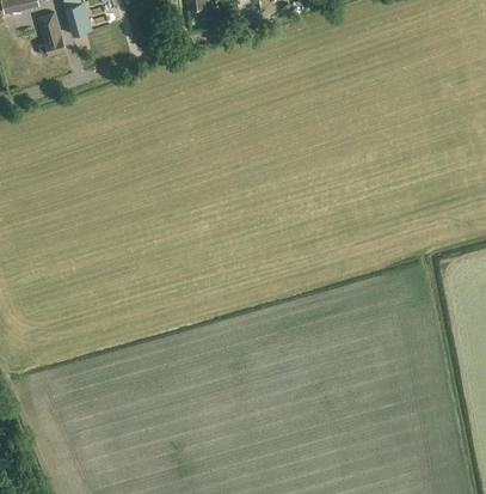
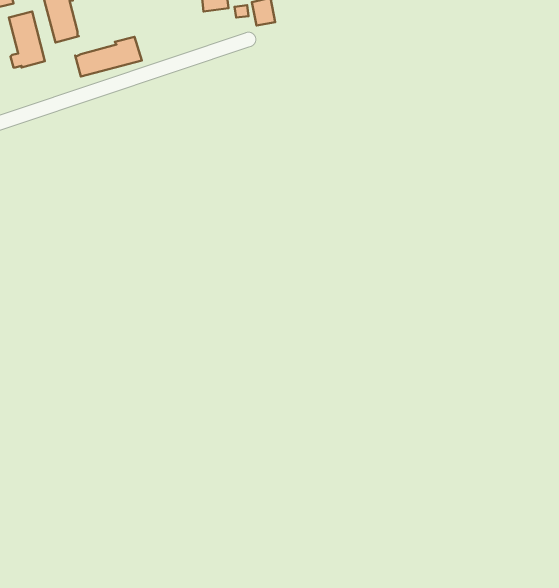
building: none -> [75,37,142,77]

